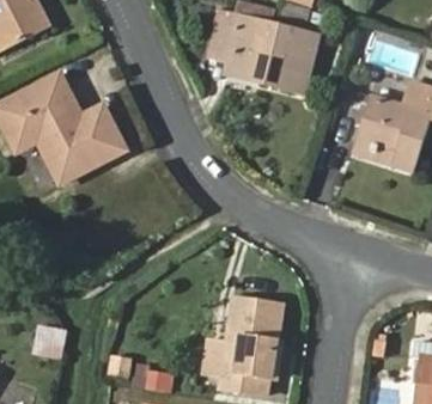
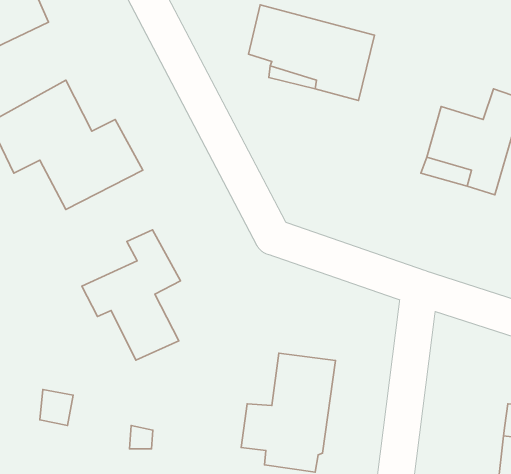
building: none -> [82,230,180,360]

